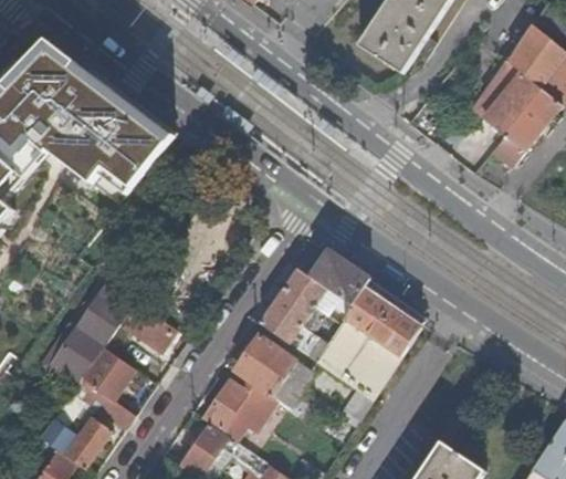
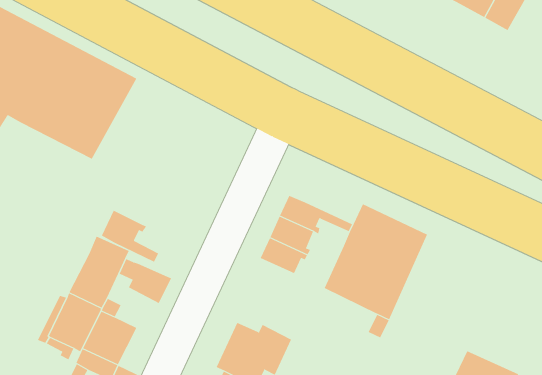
building: [311,249,370,304] -> none
building: none -> [101,210,159,263]
building: [234,333,315,413] -> none

